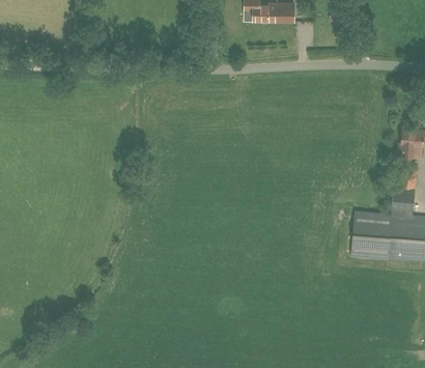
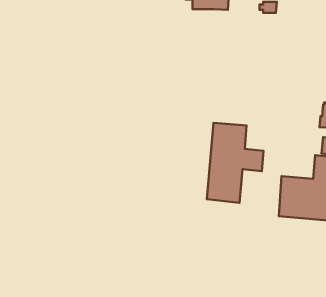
building: none -> [207,123,264,203]

